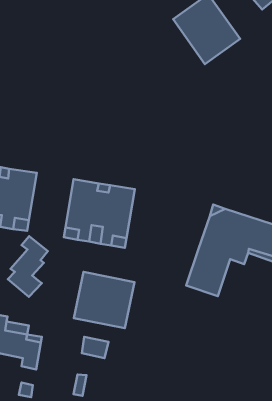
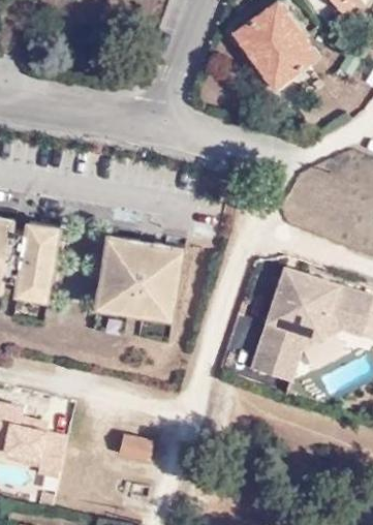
building: [8,236,48,297] -> none
building: [74,272,135,328] -> none

